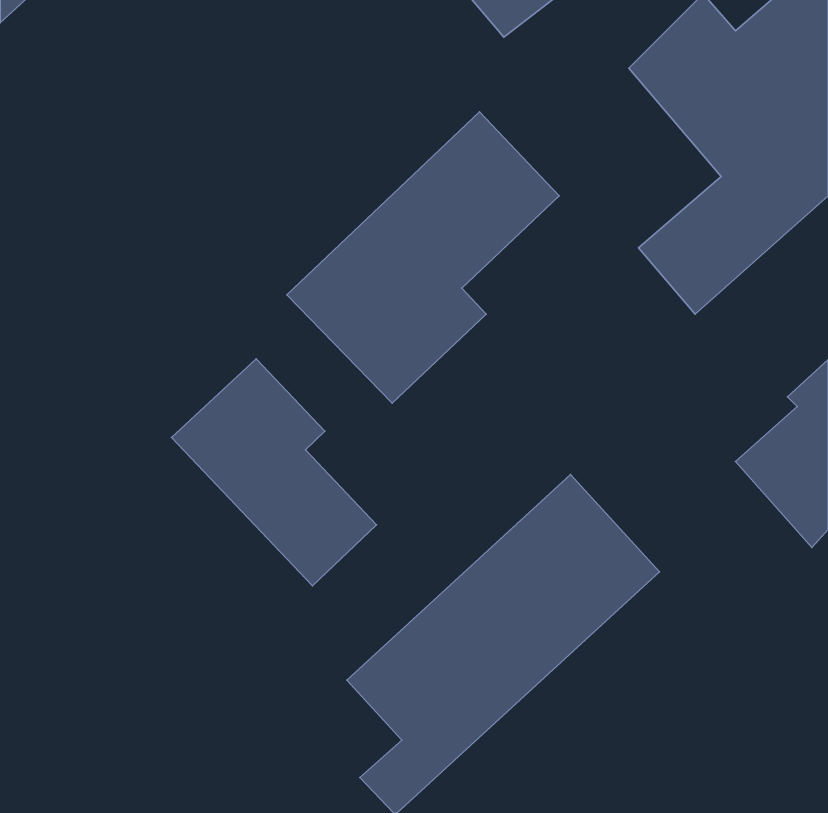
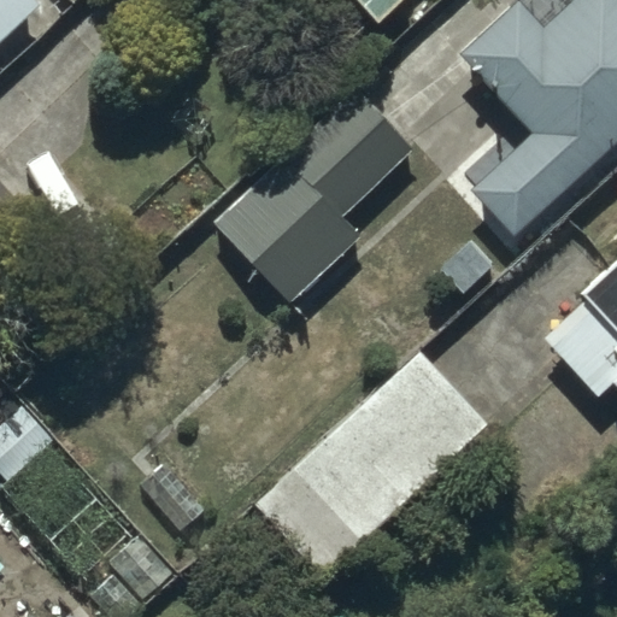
building: [172,359,376,586] -> none

